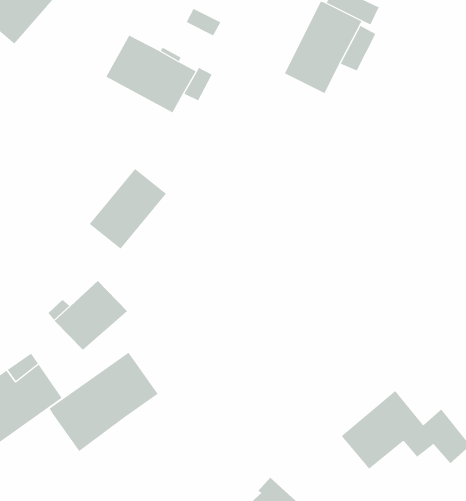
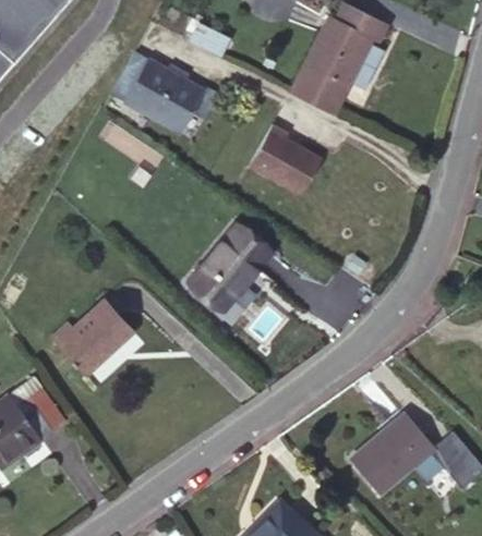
building: none -> [248,124,320,194]
building: [89,168,167,249] -> [191,226,270,308]
building: [49,352,159,452] -> none

